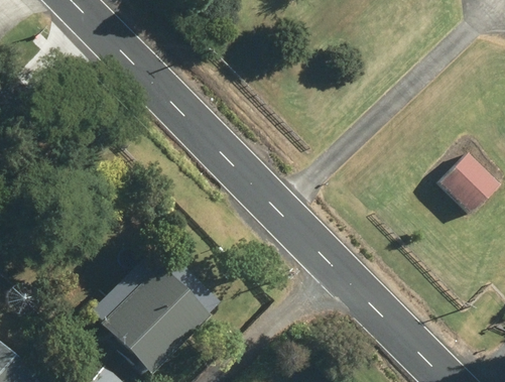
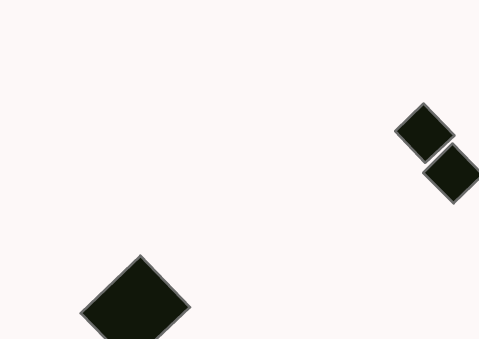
building: none -> [395,104,454,163]

